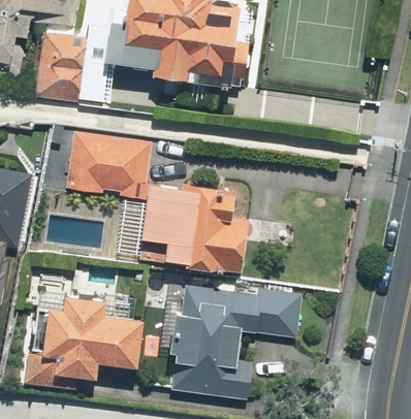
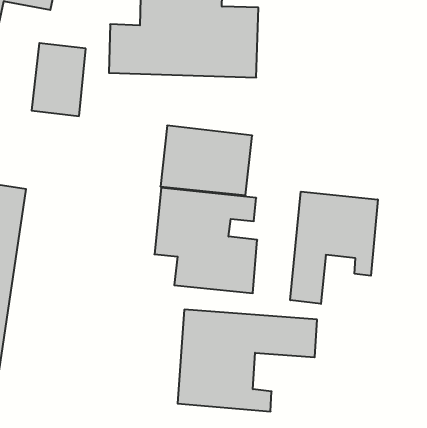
building: [65,137,151,202] -> [160,126,252,195]
building: none -> [290,192,378,304]
building: [46,289,148,381] -> none

